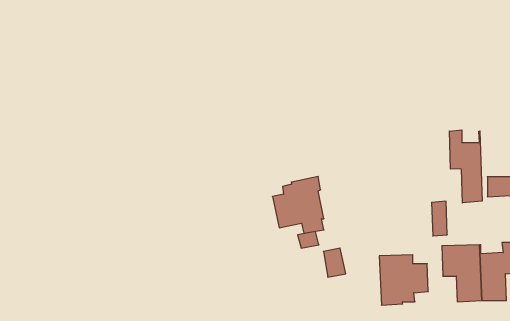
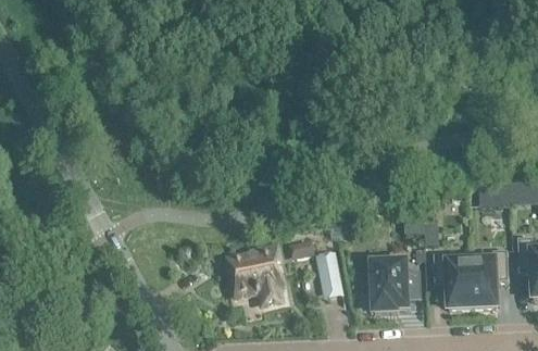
building: [449,130,482,203] -> none
building: [272,176,324,233] -> [230,246,280,301]

